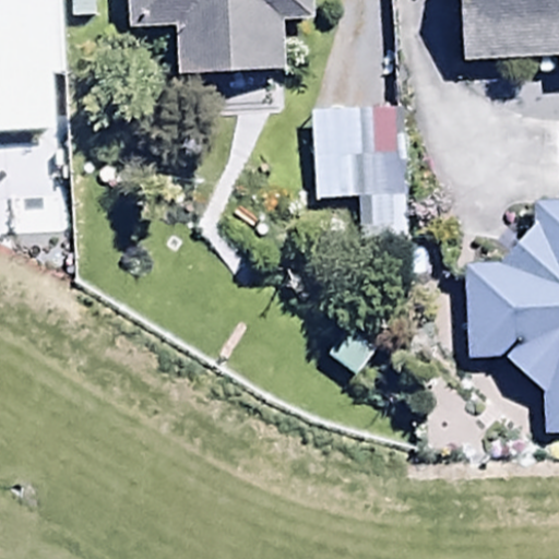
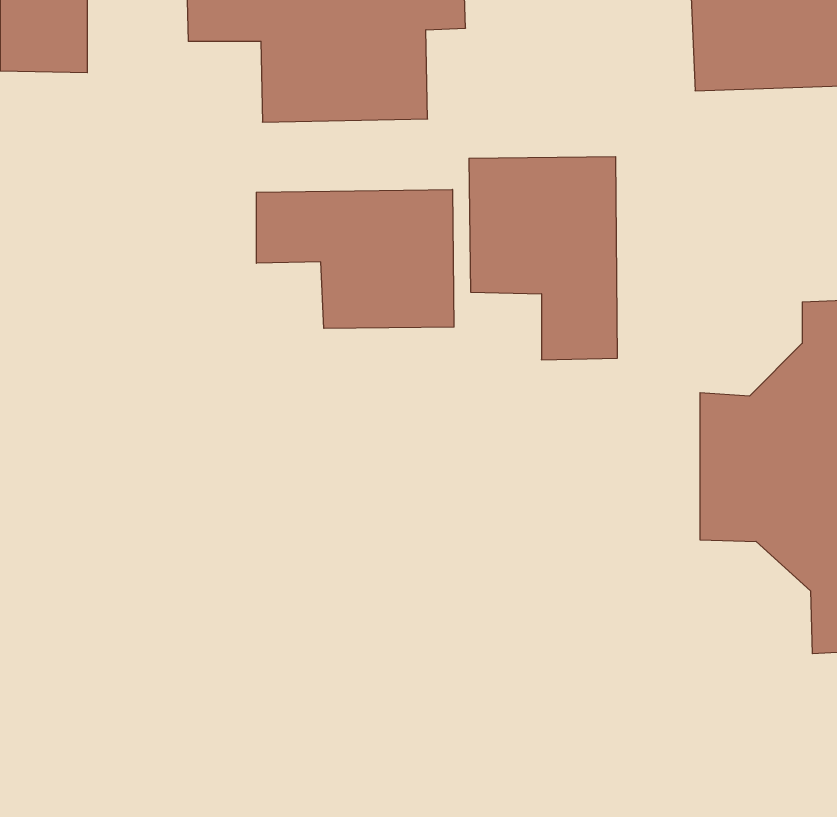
building: none -> [256,189,454,328]

